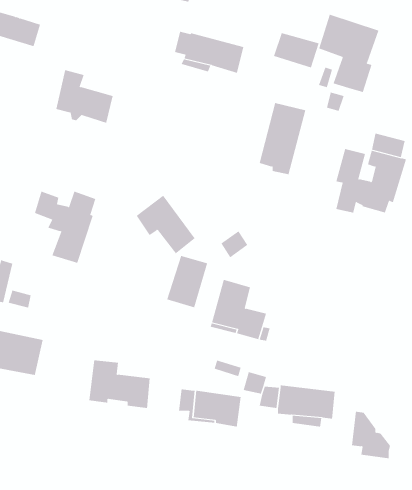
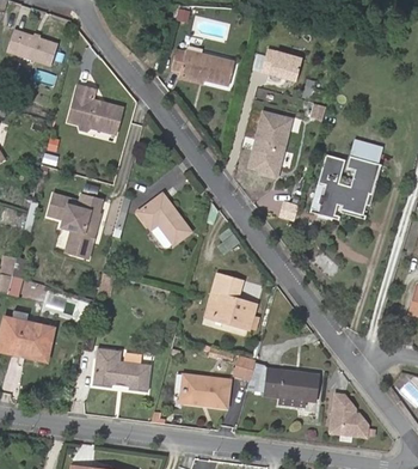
building: [318,14,379,93] -> none
building: [167,255,208,308] -> none

